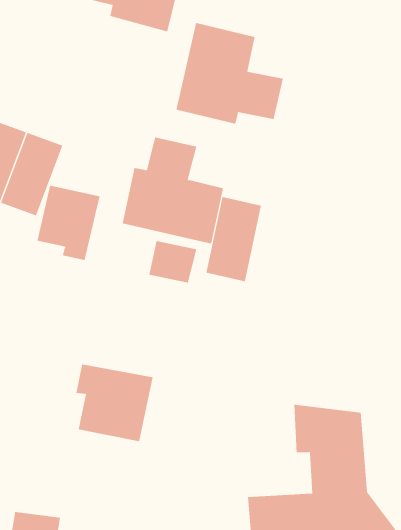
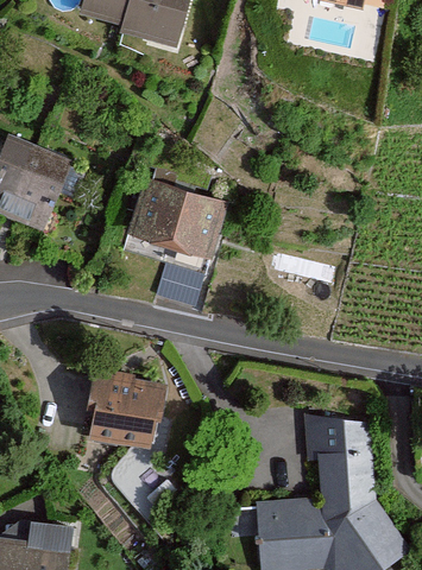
building: [176,22,283,124] -> none
building: [37,185,100,261] -> none
building: [206,196,261,282] -> none

